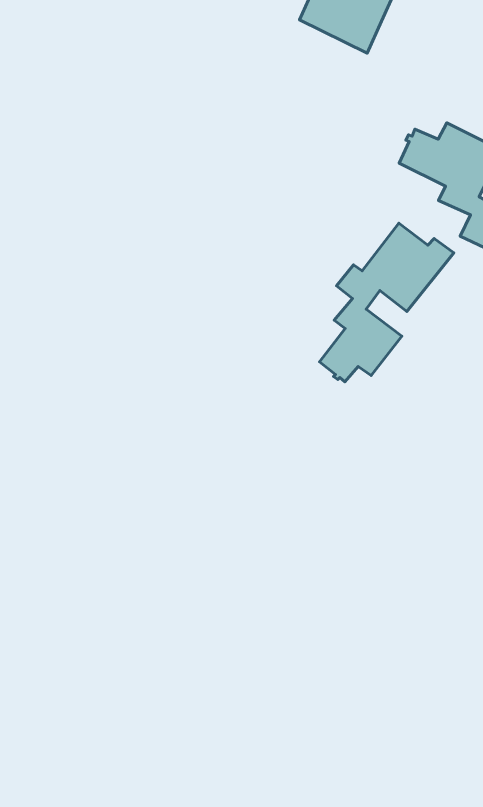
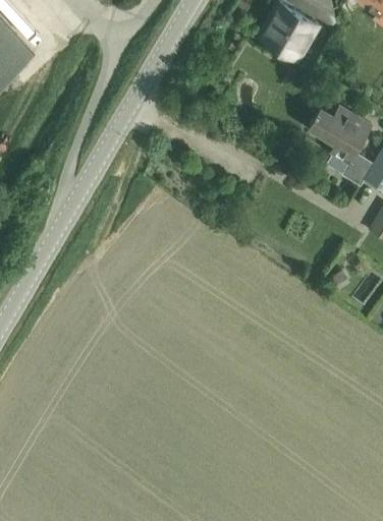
building: [319,223,454,382] -> none

